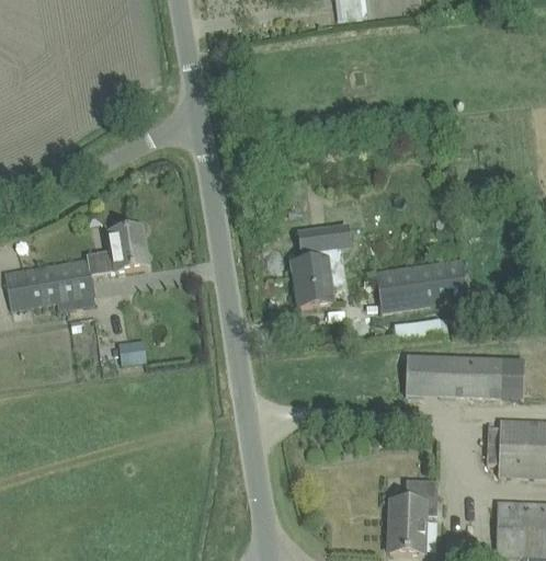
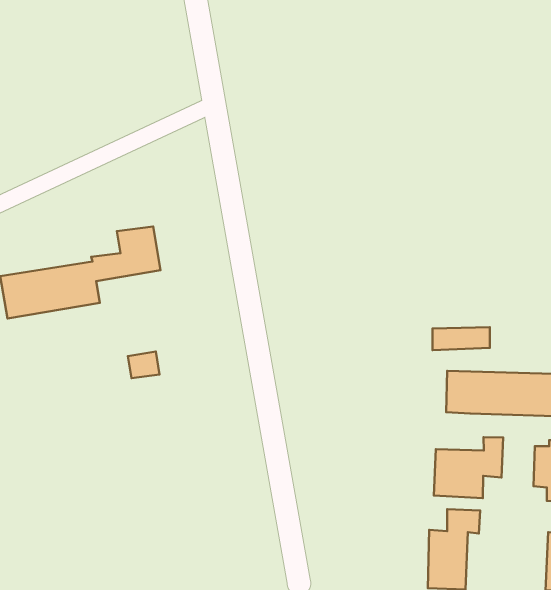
building: [292,226,350,307] -> none
building: [376,259,468,311] -> none
building: none -> [434,437,503,498]

